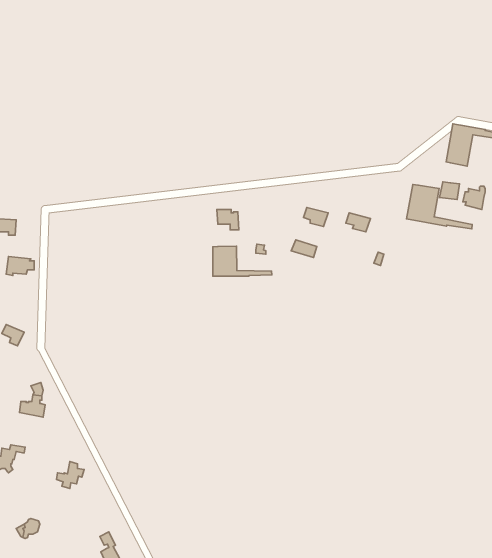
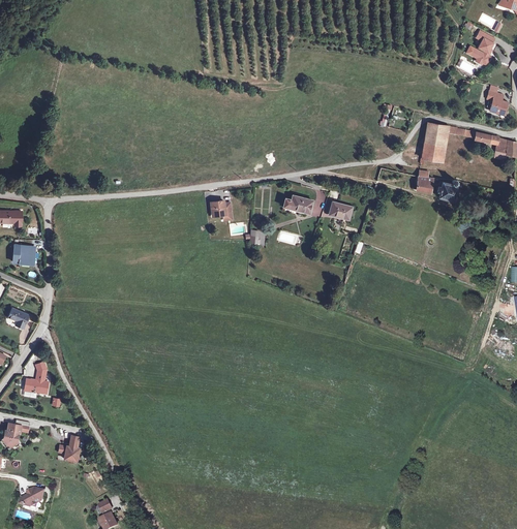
building: [407,185,472,229] -> none
building: [213,246,272,276] -> none

